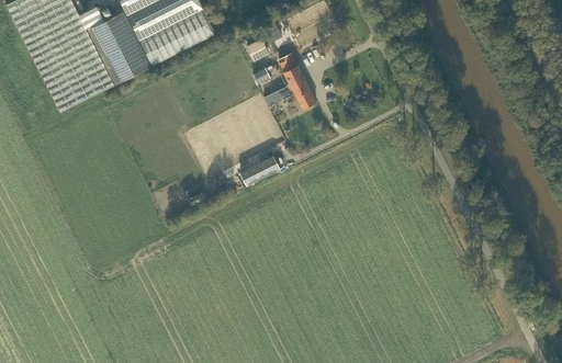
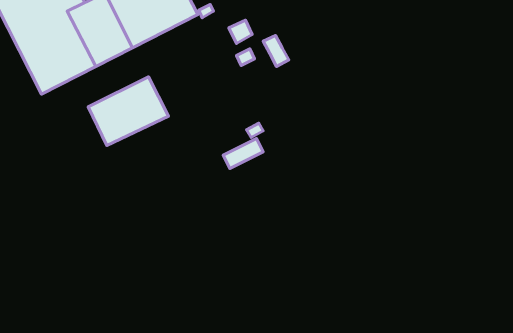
building: [265,77,315,106] -> none
building: none -> [88,77,168,146]

